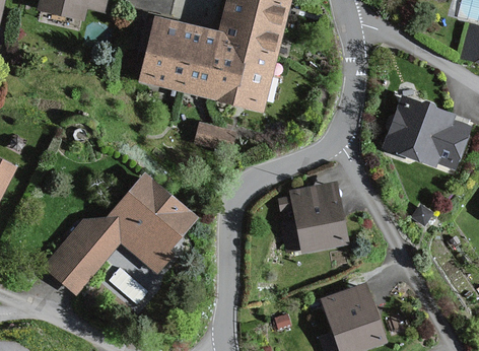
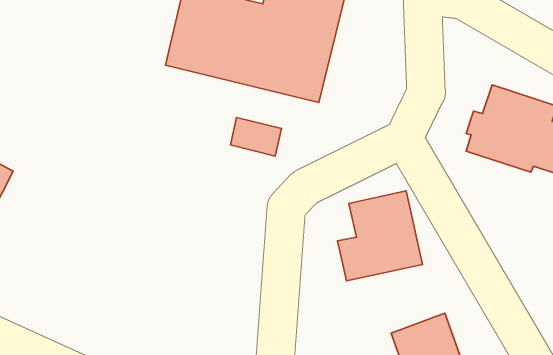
building: [45,172,200,292] -> none

